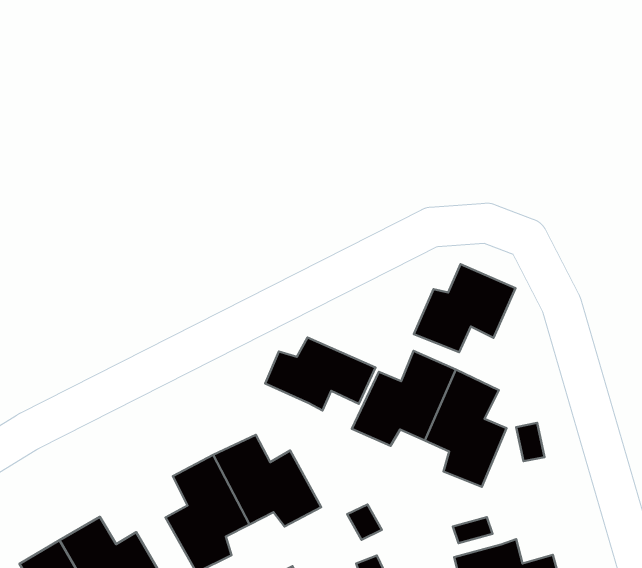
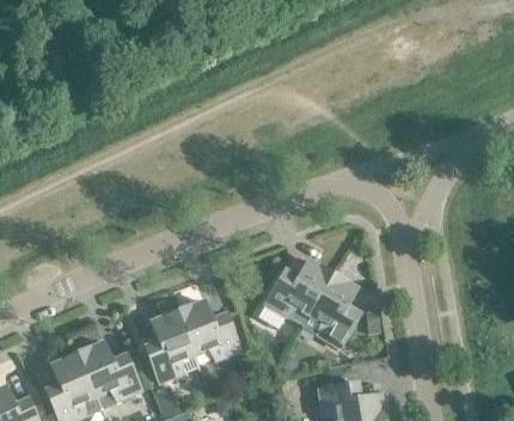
building: [414,264,515,352] -> none
building: [265,338,376,410] -> none

